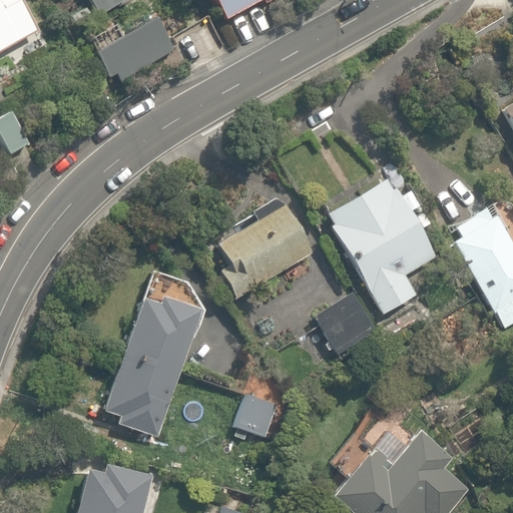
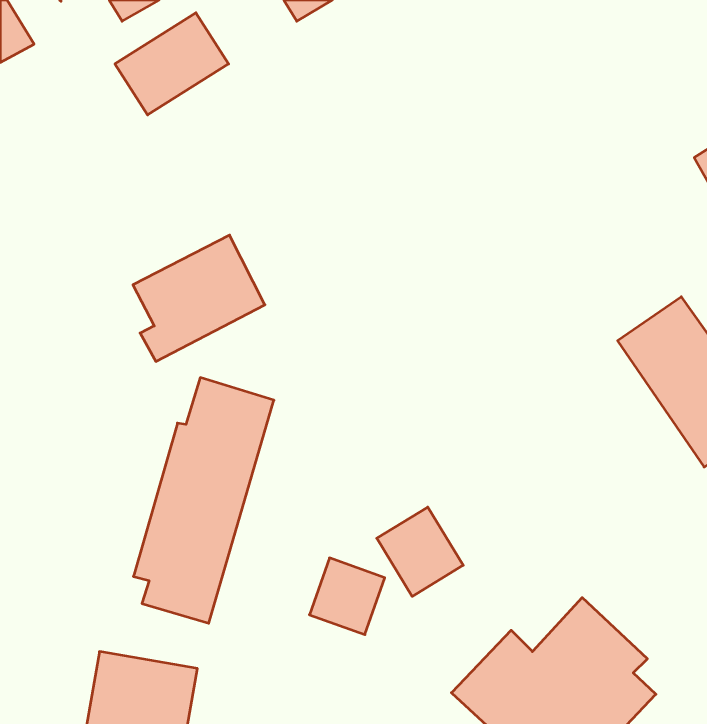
building: [325,175,434,317] -> none
building: [214,204,308,294] -> [133,235,265,361]
building: [319,295,380,358] -> [377,507,463,596]

